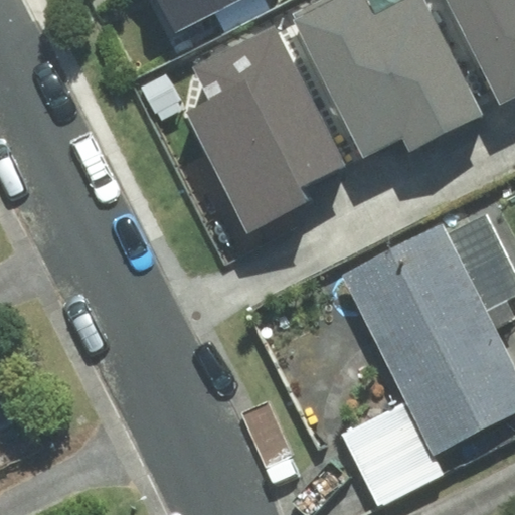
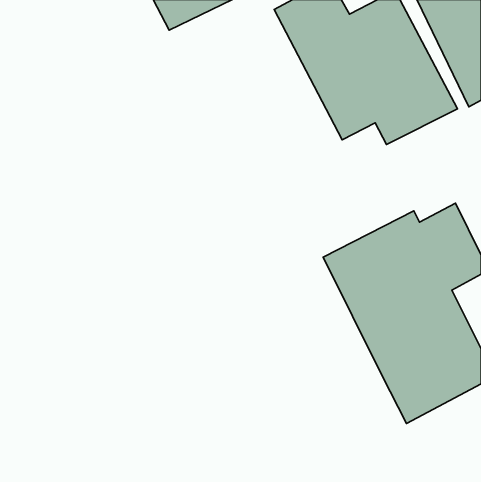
building: [192,32,343,241] -> none
building: [341,399,443,503] -> none

